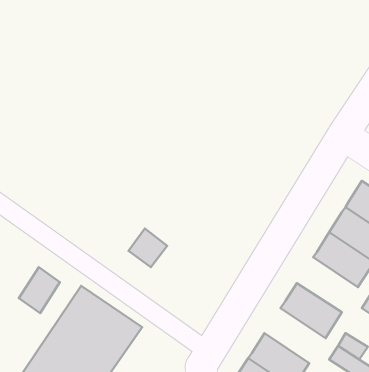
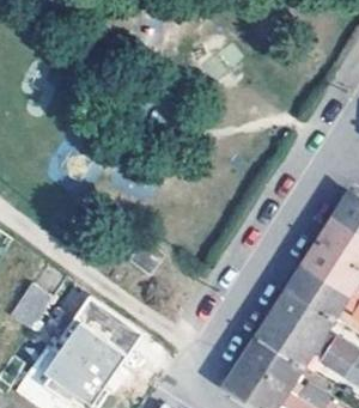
building: none -> [286,264,345,317]
building: none -> [255,313,314,366]

